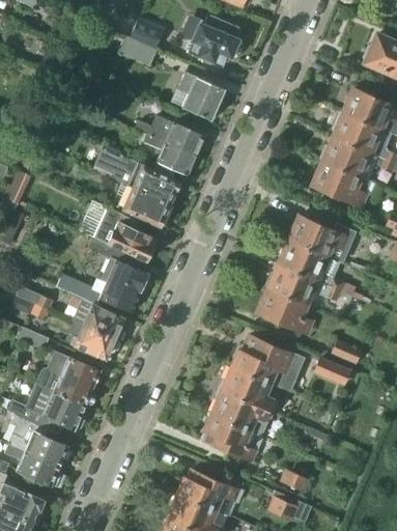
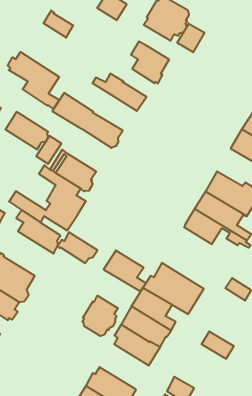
building: [118,35,154,65] -> [43,10,73,38]
building: none -> [177,23,204,52]
building: none -> [8,52,59,109]
building: [143,135,194,174] -> none
building: [118,186,171,227] -> [5,112,48,149]
building: [259,287,312,332] -> [104,250,146,291]
building: [69,325,118,359] -> [57,232,97,263]
building: [312,357,351,387] -> [201,331,234,359]
building: none -> [82,296,118,336]

